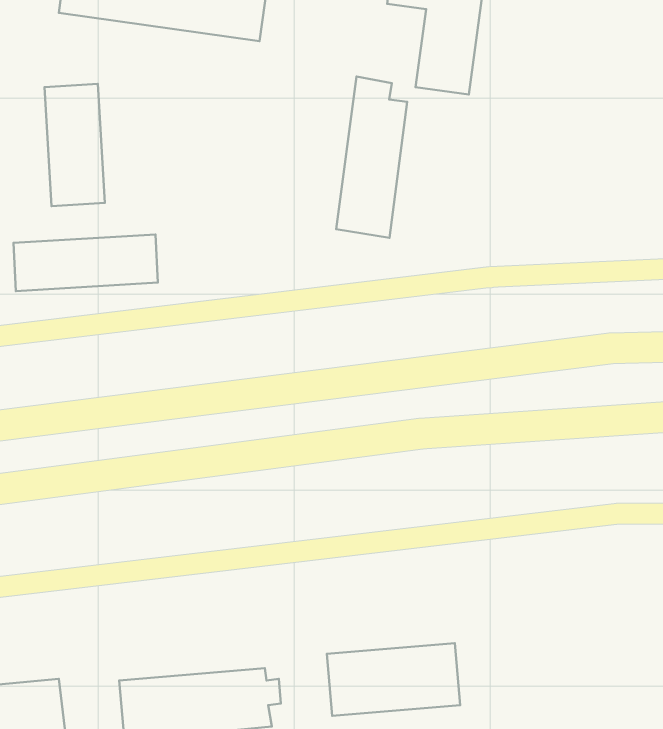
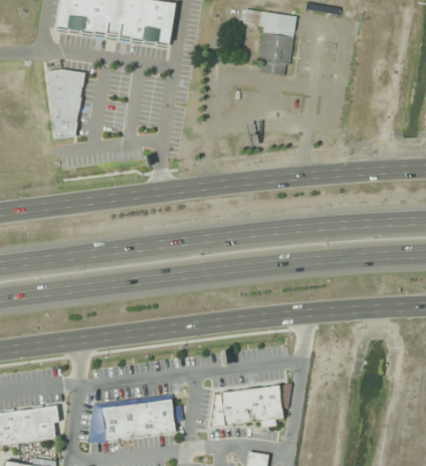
building: [336,76,407,238] -> none
building: [14,234,158,291] -> none

